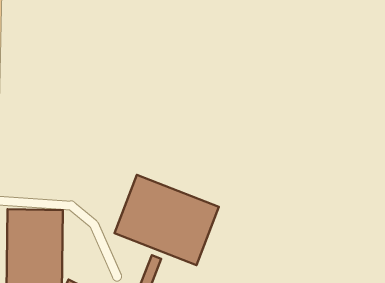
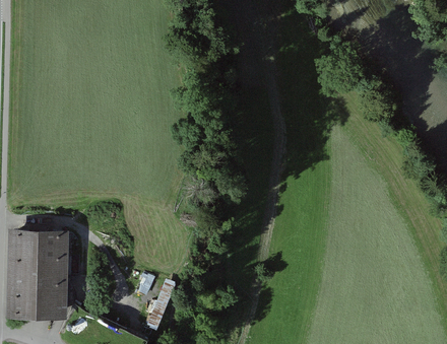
building: [115,175,219,265] -> none

